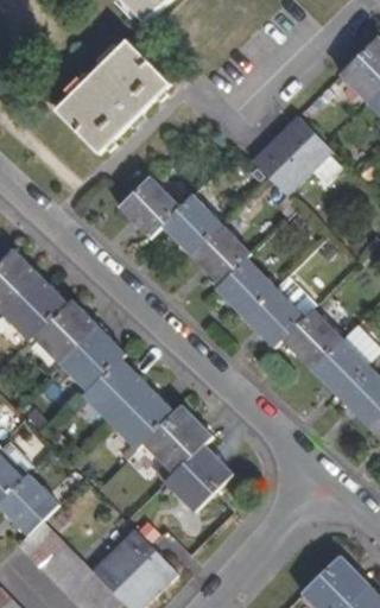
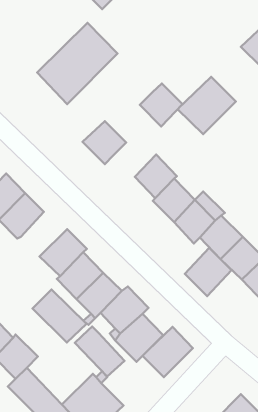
building: [163,195,222,254] -> [140,84,183,126]
building: [34,300,99,365] -> none
building: none -> [185,248,232,296]
building: none -> [33,289,87,343]
building: none -> [75,326,125,376]
building: none -> [142,327,193,377]

